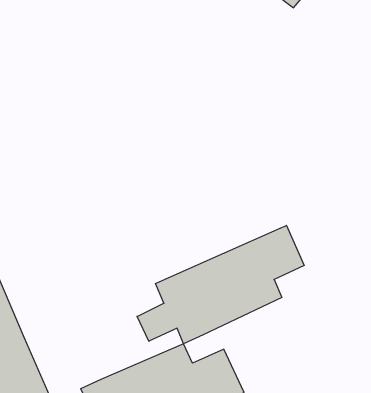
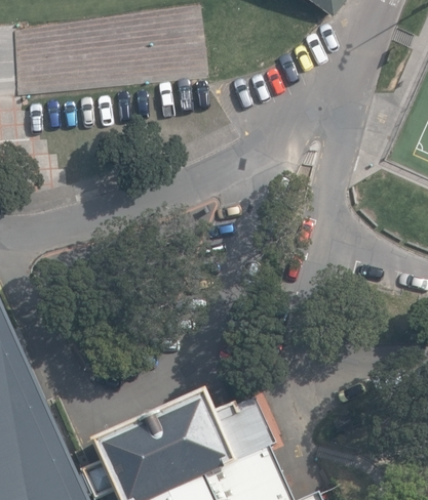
building: [137,225,304,344] -> none

